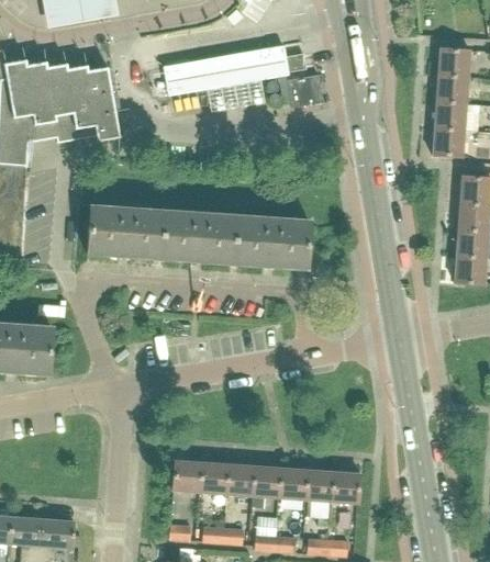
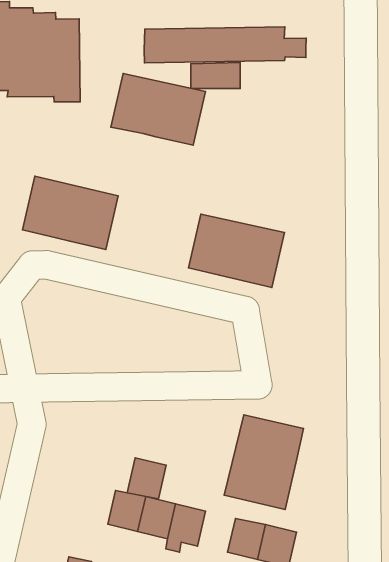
building: [293,76,324,106] -> none
building: [160,212,236,263] -> [111,73,206,145]
building: none -> [224,415,303,509]
building: [171,460,201,492] -> [127,458,166,499]
building: [278,468,307,499] -> none

